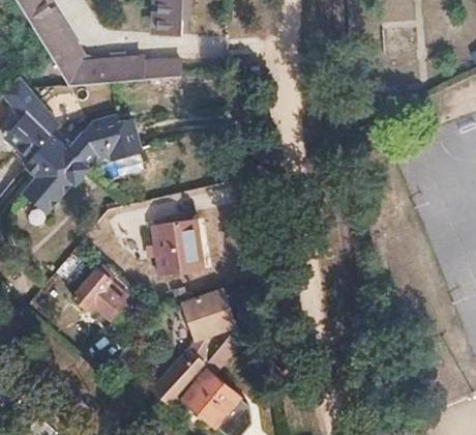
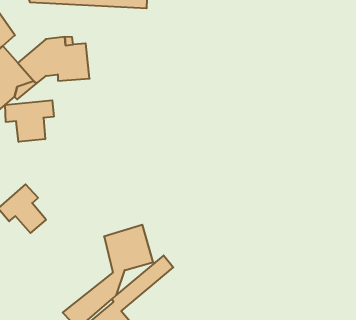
building: none -> [5,100,54,142]
building: [154,219,210,279] -> none

